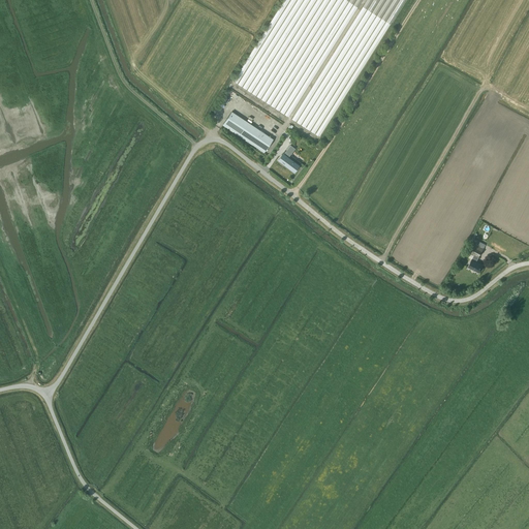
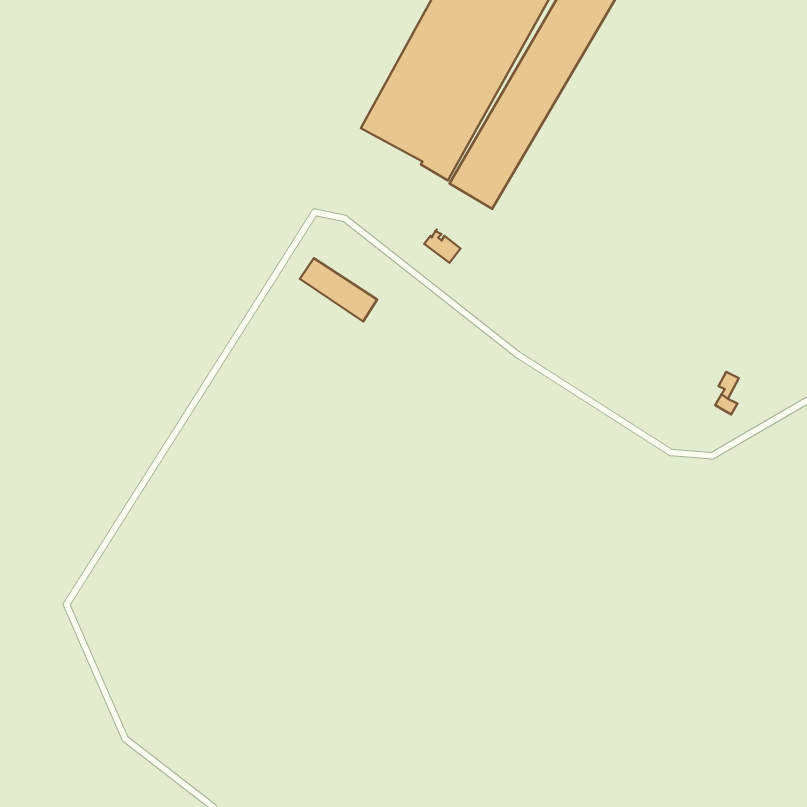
building: [221,111,272,152] -> [300,258,377,322]

